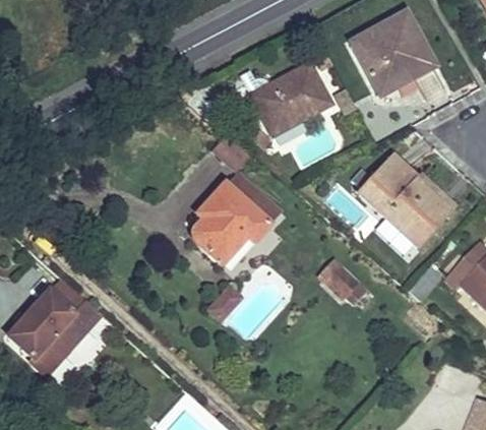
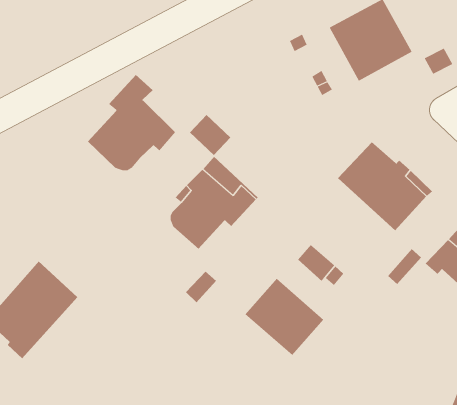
building: [221,64,331,138] -> none
building: none -> [87,74,176,171]
building: none -> [245,278,324,356]

